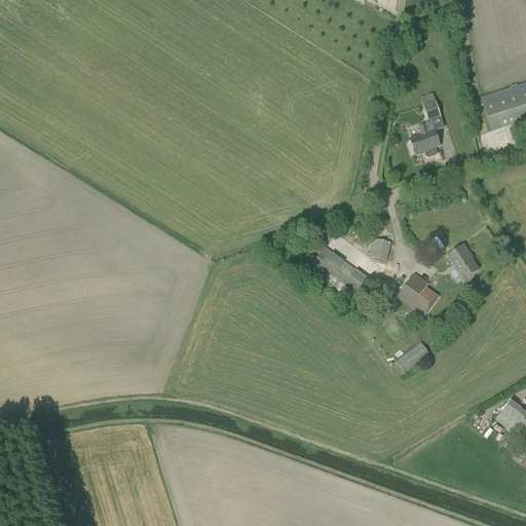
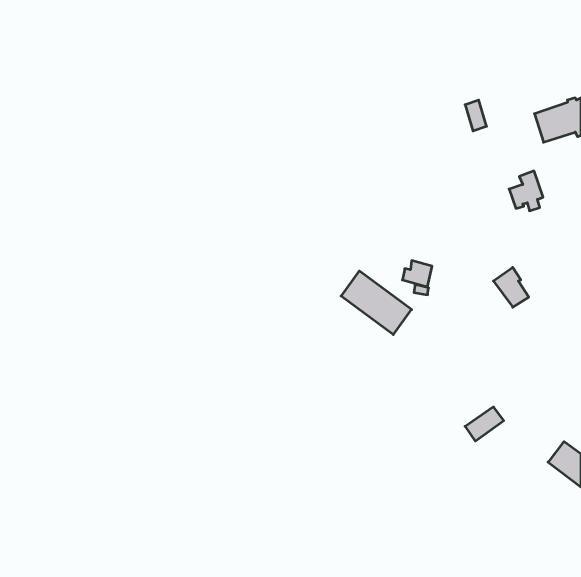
building: [409,119,440,155] -> [509,171,543,211]
building: [396,270,439,315] -> none
building: [394,340,429,371] -> [465,407,504,441]

